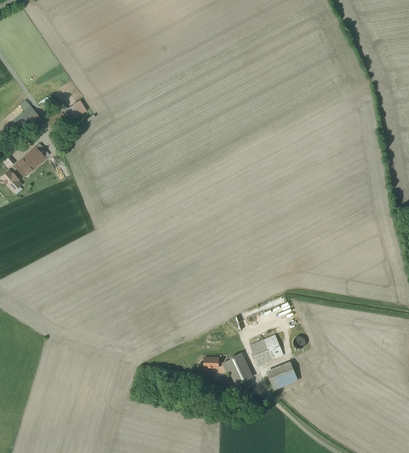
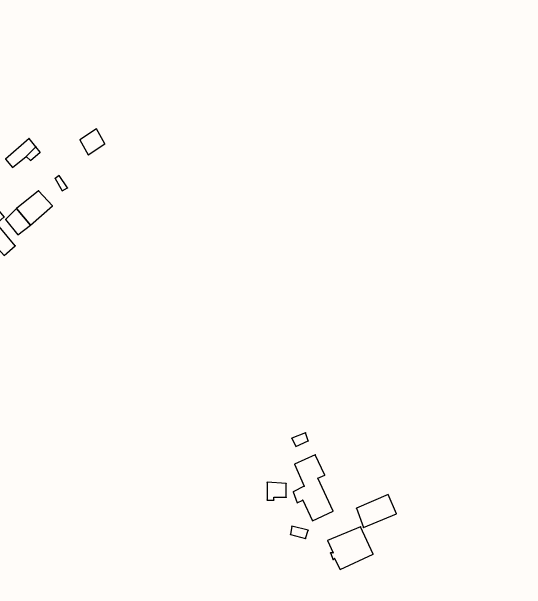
building: [250,335,283,366] -> [328,527,373,569]

